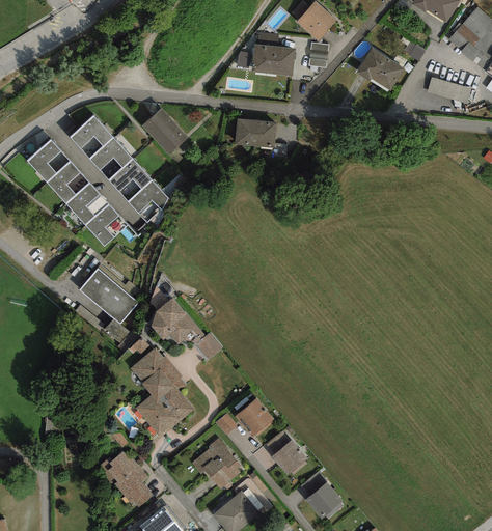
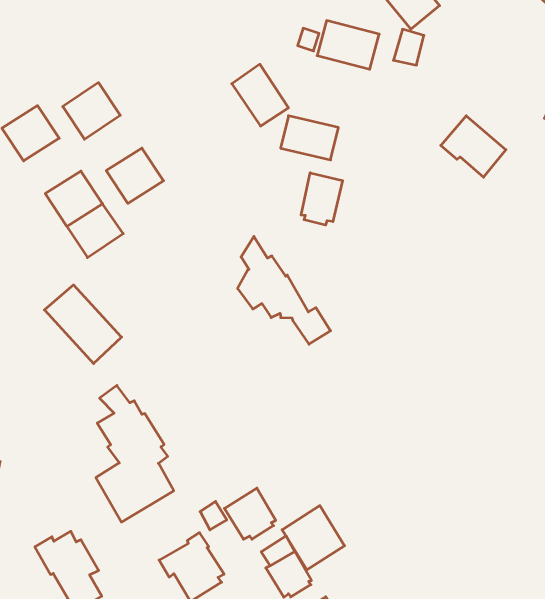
building: [355,47,404,90] -> [441,116,506,177]
building: [142,108,187,153] -> [232,64,288,126]
building: [88,137,132,179] -> none
building: none -> [301,173,343,225]
building: [46,161,89,203] -> none
building: [128,180,168,222] -> none
building: [148,285,223,359] -> [238,236,331,344]
building: none -> [282,506,345,570]

